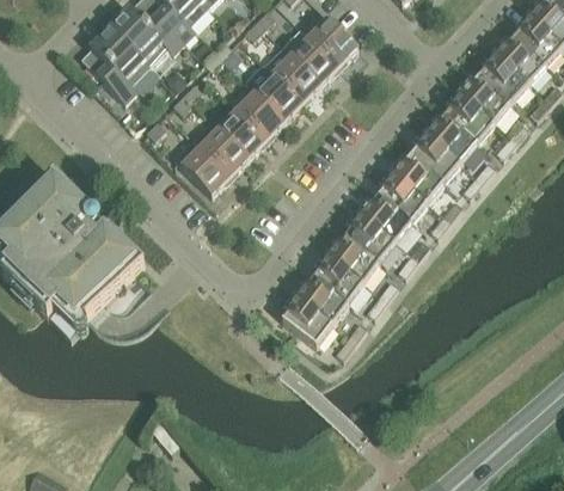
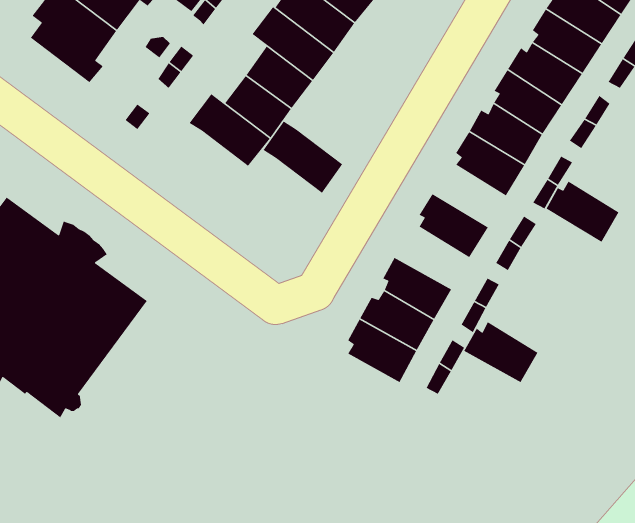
building: [174,139,231,195] -> [263,120,343,194]
building: [360,195,412,243] -> [545,181,619,243]
building: [326,235,380,283] -> [463,321,538,383]

